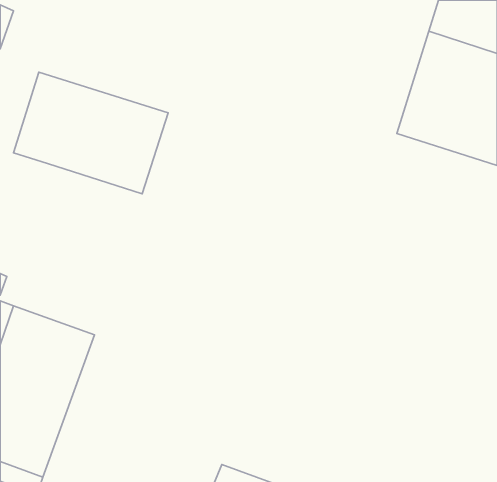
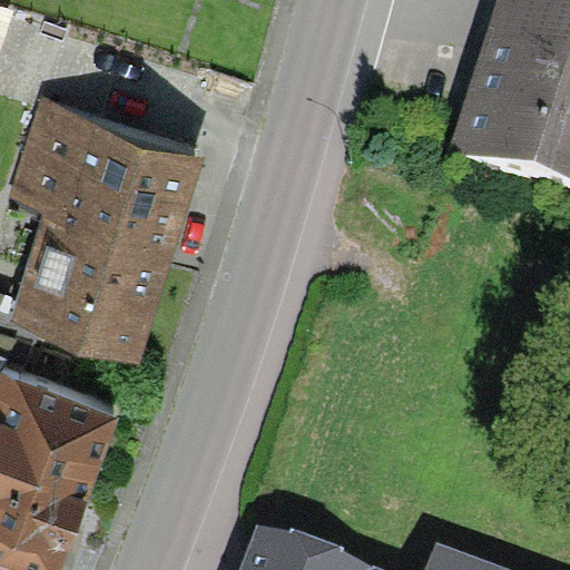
building: none -> [19,205,163,350]

